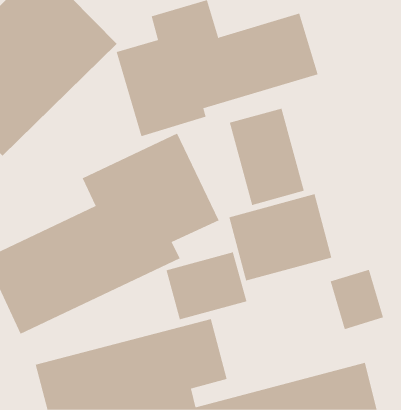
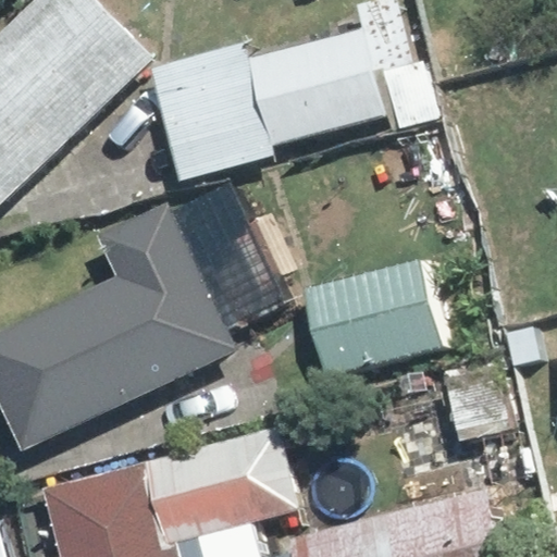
building: [229,108,304,206] -> none
building: [166,252,247,320] -> none

